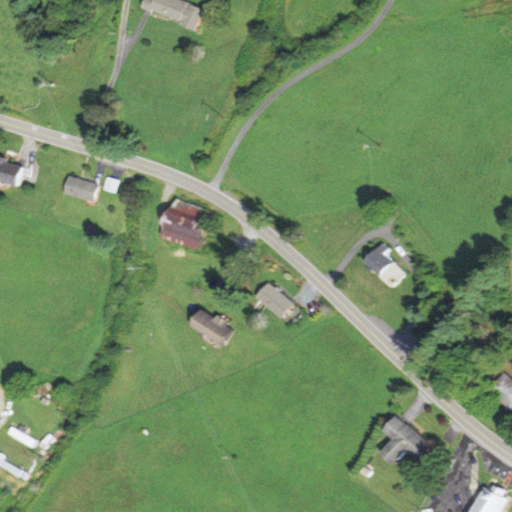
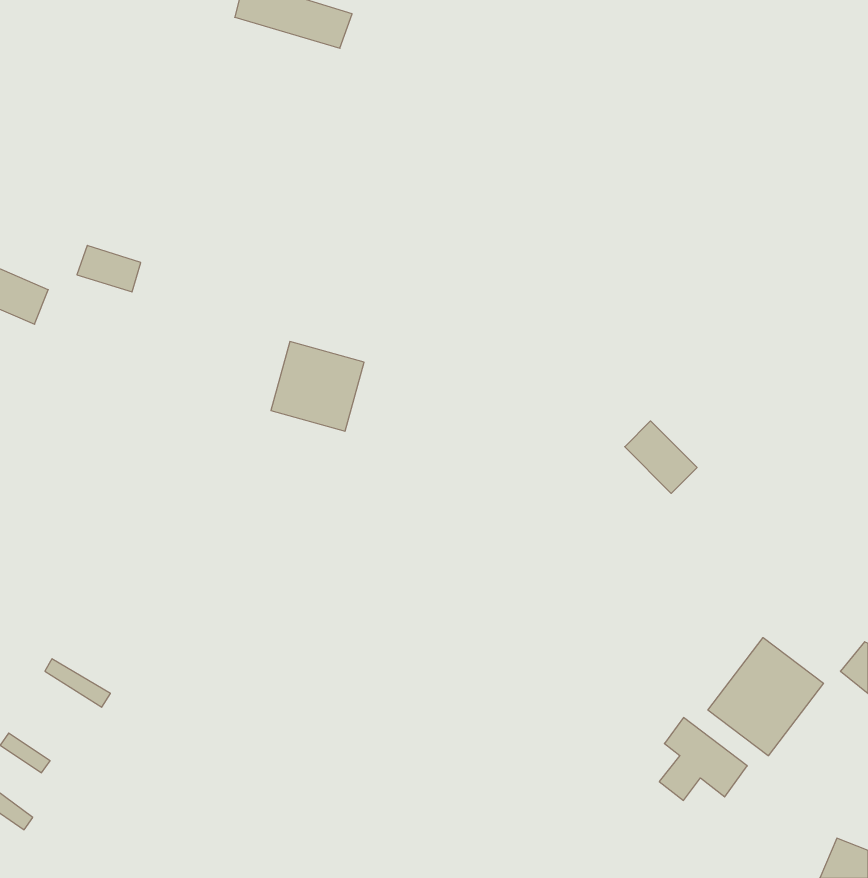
building: [61,175,98,202] -> [77,245,141,292]
building: [257,282,292,317] -> none
building: [187,305,232,346] -> none
building: none -> [708,638,823,756]

